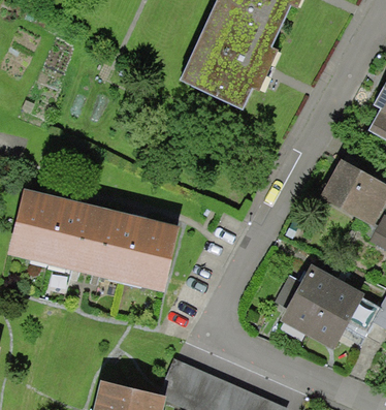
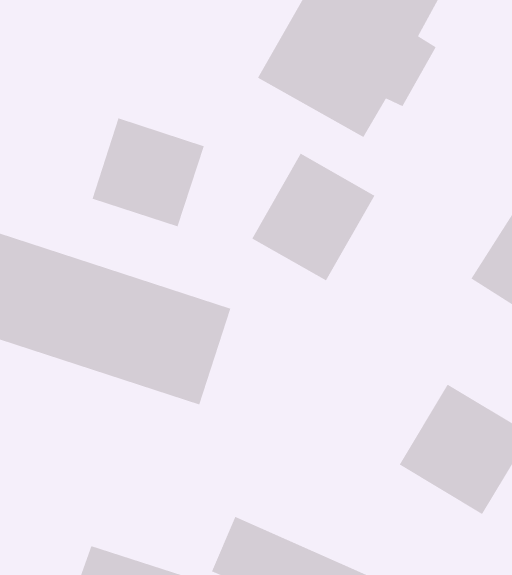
building: none -> [92,118,204,227]
building: none -> [251,153,375,281]

